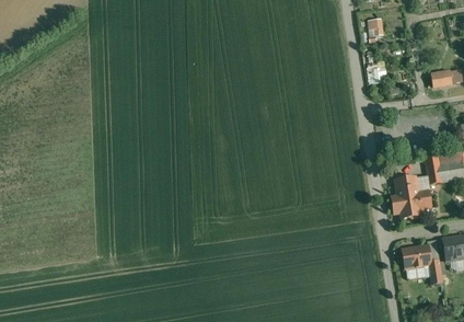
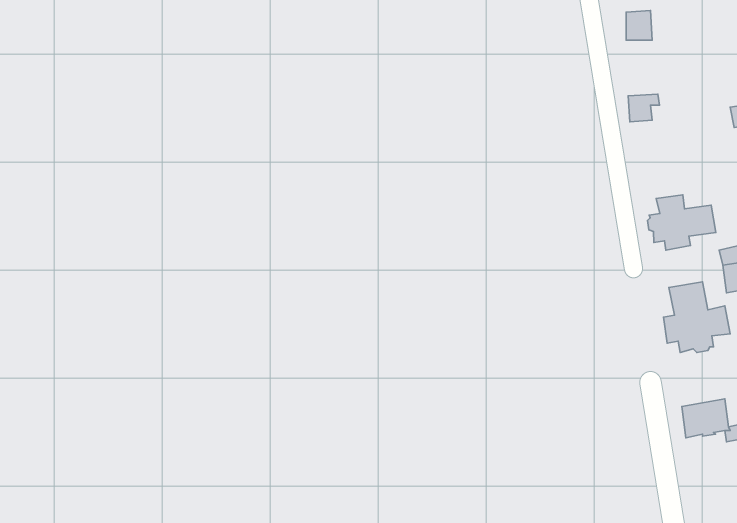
building: none -> [647,195,716,250]

